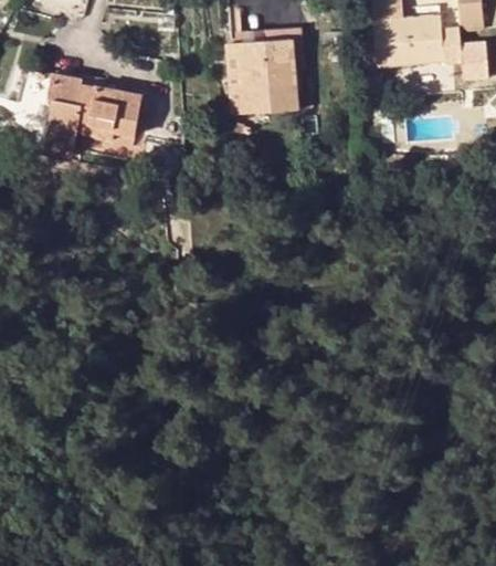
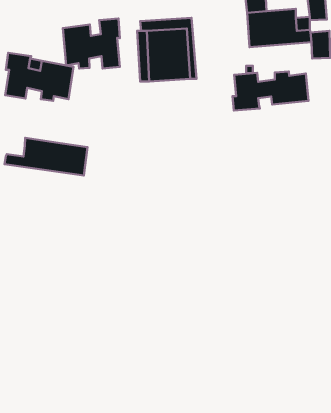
building: none -> [63,18,120,69]
building: none -> [233,72,308,110]
building: none -> [5,138,88,176]

